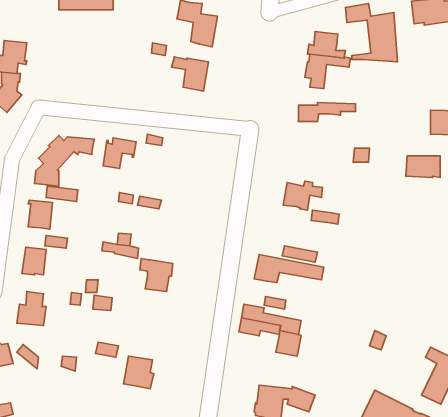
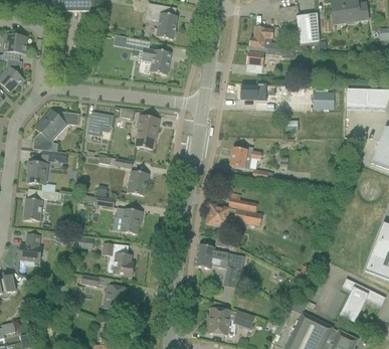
building: none -> [136,115,159,149]
building: [406,156,440,177] -> [313,92,340,109]
building: none -> [127,170,150,195]
building: none -> [102,242,134,277]

